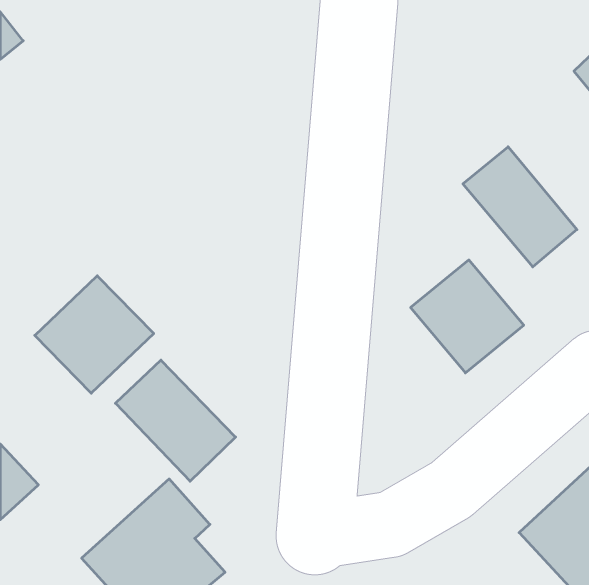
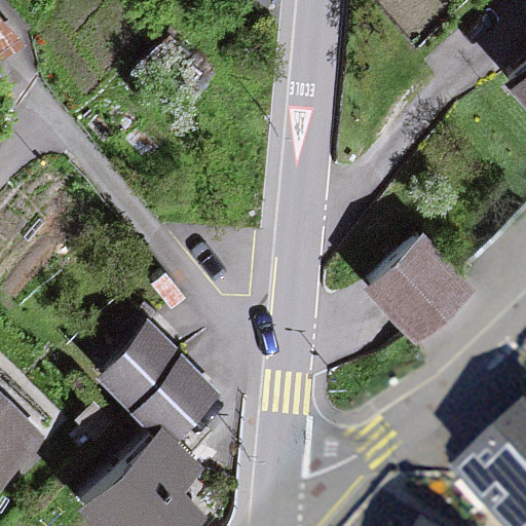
building: [463,147,577,267] -> none
building: [35,276,154,393] -> none

